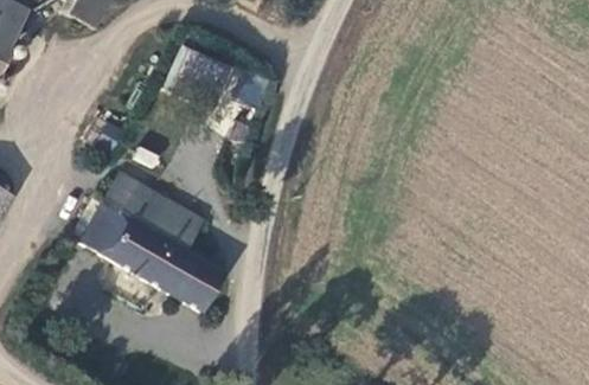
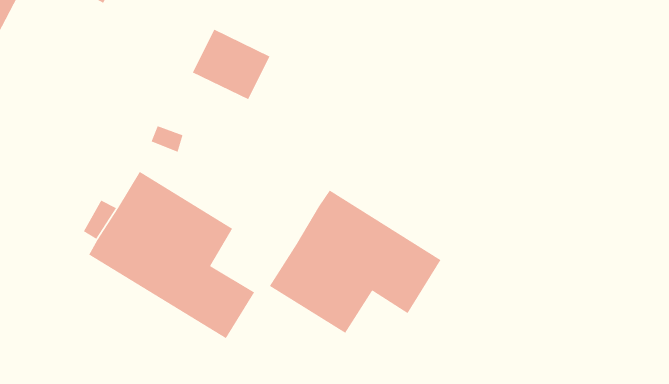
building: none -> [269,190,441,334]

